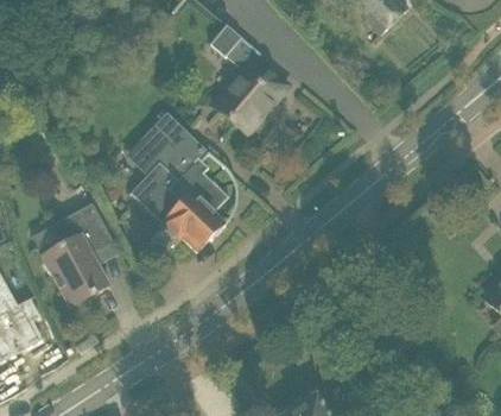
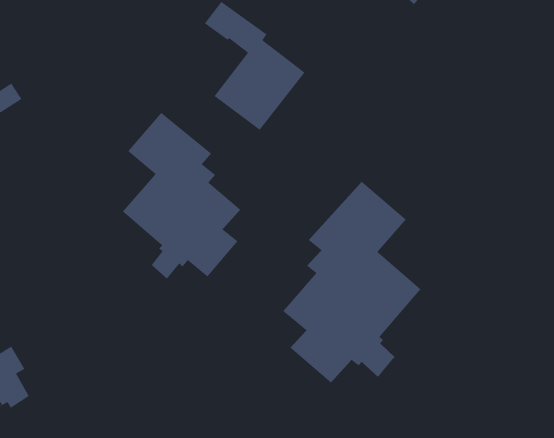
building: none -> [282,181,422,384]
building: [36,201,112,307] -> none

